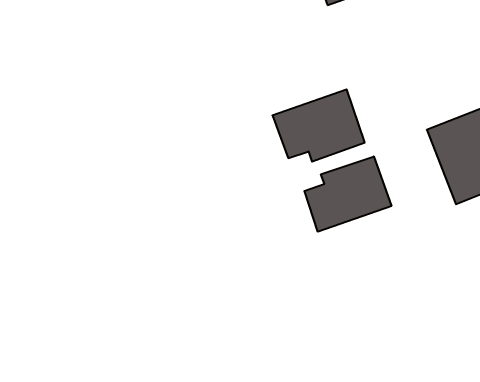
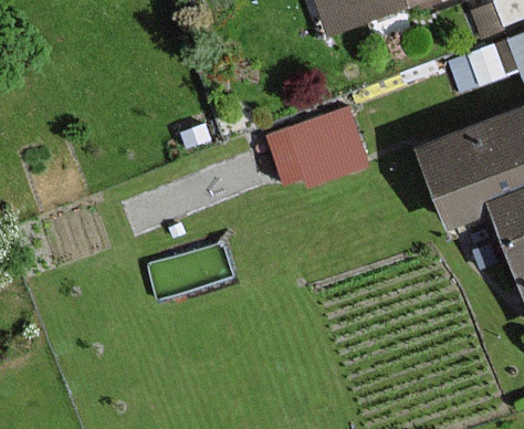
building: [304,156,391,232] -> none

